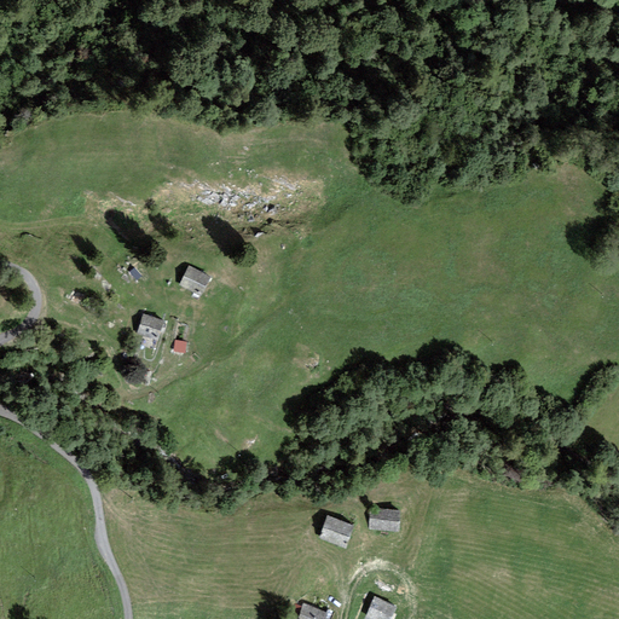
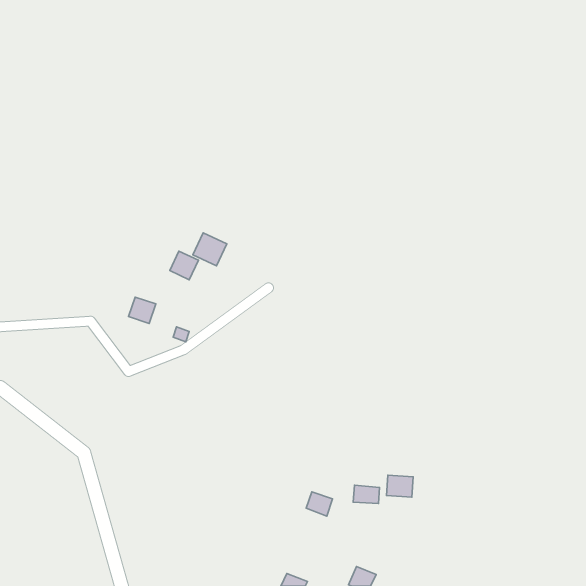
building: none -> [193,233,227,266]
building: none -> [386,475,413,497]

